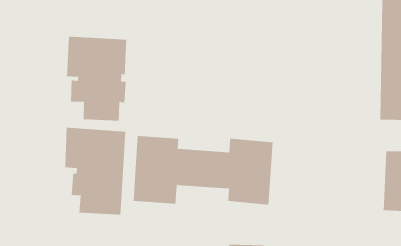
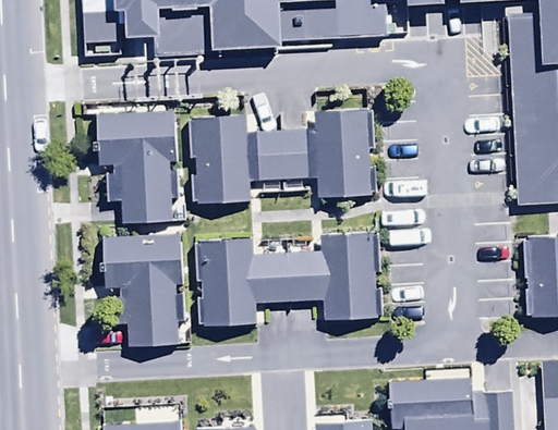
building: none -> [189,112,372,202]

